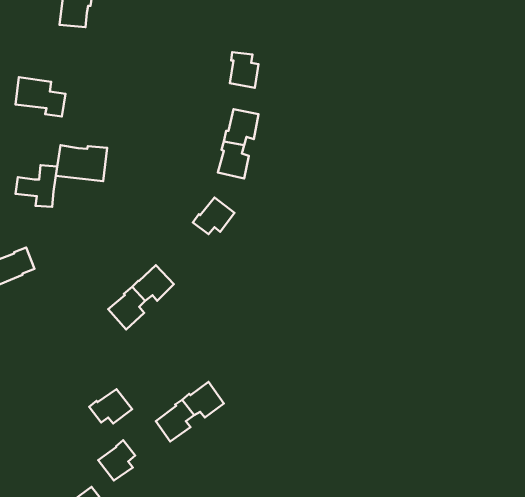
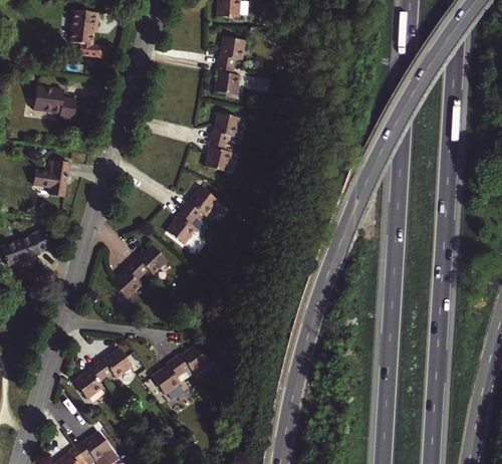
building: none -> [216,37,244,67]
building: [56,145,107,181] -> none
building: none -> [167,209,196,244]
building: [98,440,135,481] -> [74,365,105,399]

